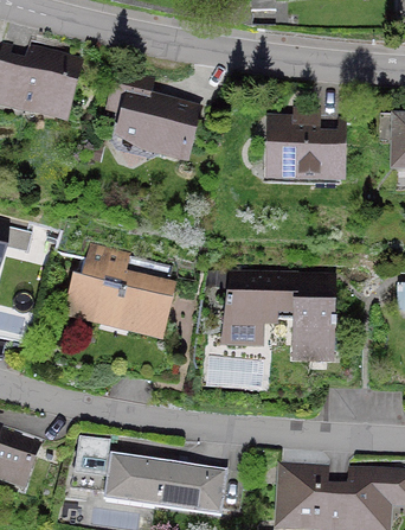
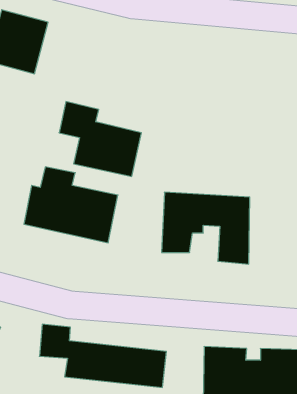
building: [108,75,208,166] -> [59,102,141,176]
building: [270,113,352,181] -> none
building: [199,351,259,383] -> none

